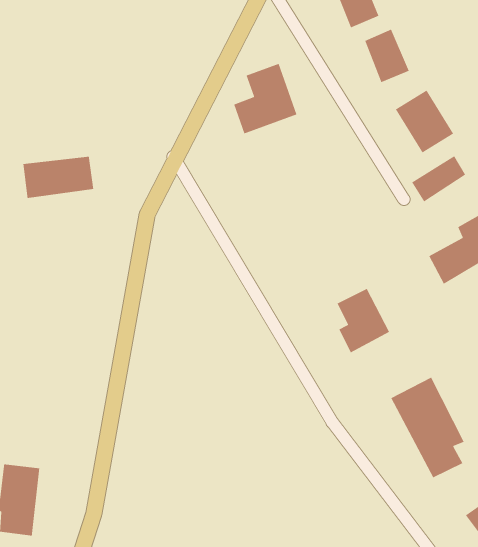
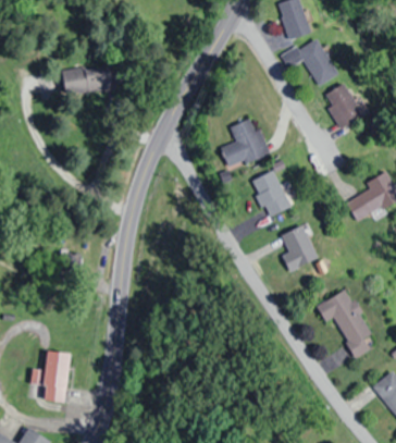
building: [233,63,297,135] -> [222,116,268,168]
building: [411,155,466,202] -> none
building: [22,156,94,199] -> [62,64,113,95]
building: none -> [250,170,293,218]

